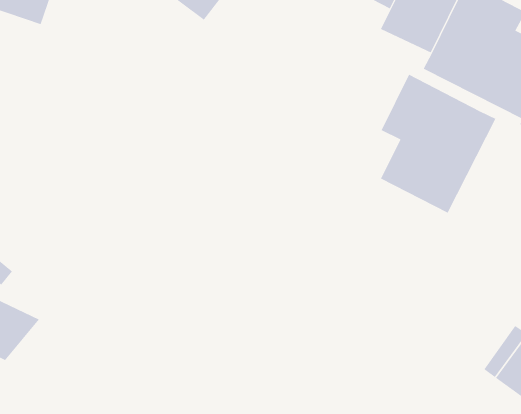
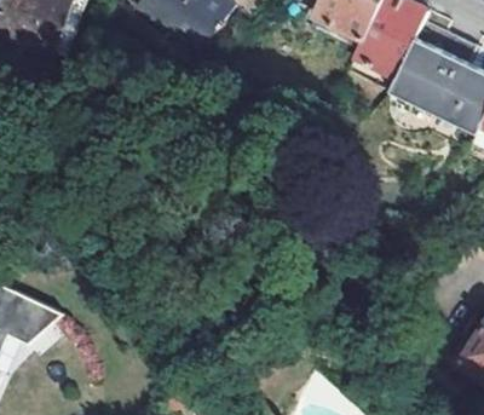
building: [380,74,496,213] -> none

